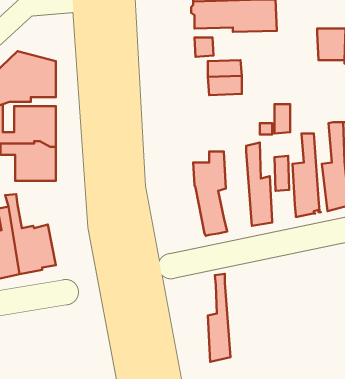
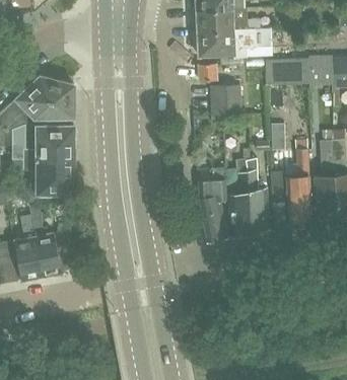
building: none -> [265,59,309,83]
building: [208,274,230,362] -> [229,157,250,236]

